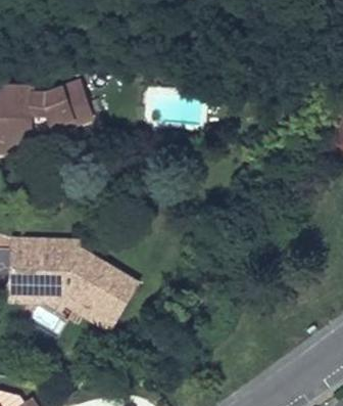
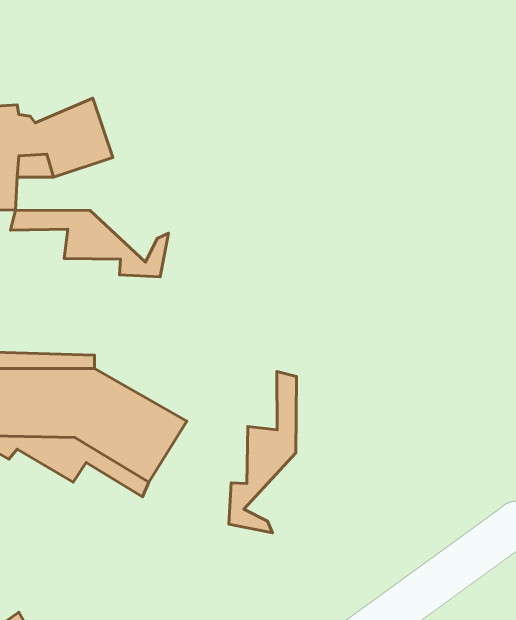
building: none -> [11,210,169,277]
building: none -> [229,372,297,533]

